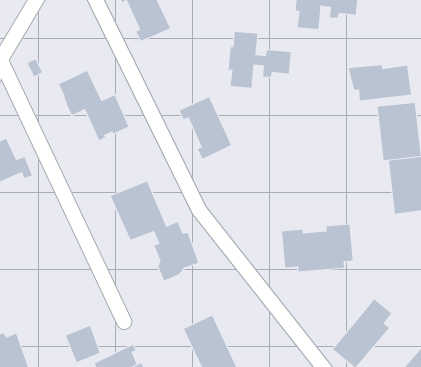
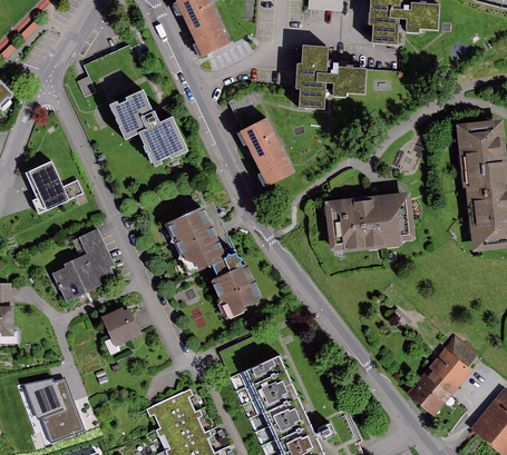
building: [348,64,411,101] -> none
building: none -> [52,228,116,305]
building: [281,224,353,272] -> [325,196,404,248]
building: [65,325,101,363] -> [104,305,143,346]

